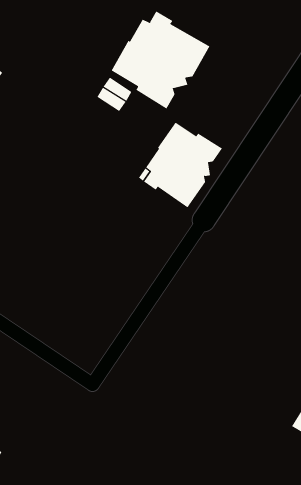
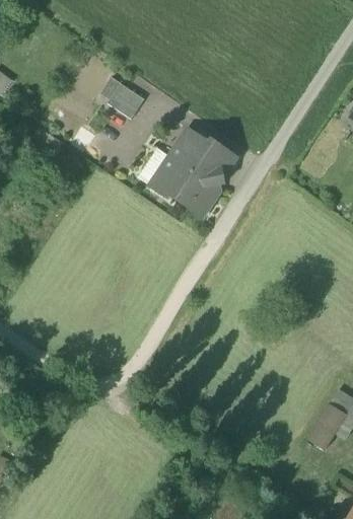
building: [111,11,210,110] -> none

